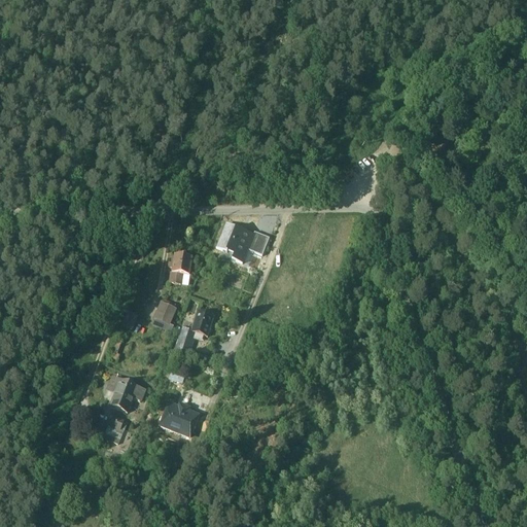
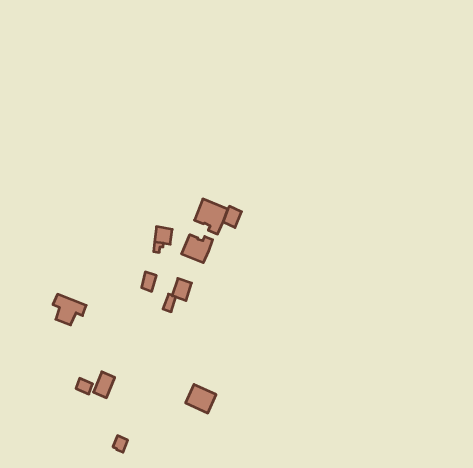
building: none -> [182,235,213,263]
building: [108,377,145,411] -> [53,294,86,325]
building: [164,405,198,436] -> [186,384,216,413]

